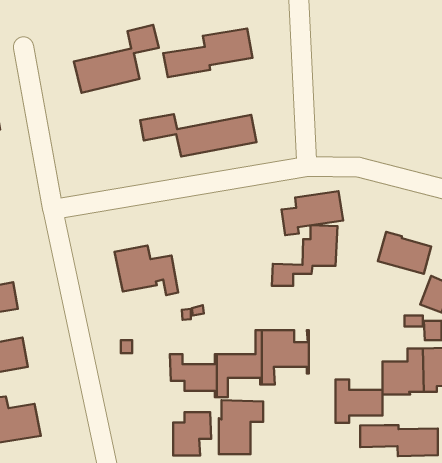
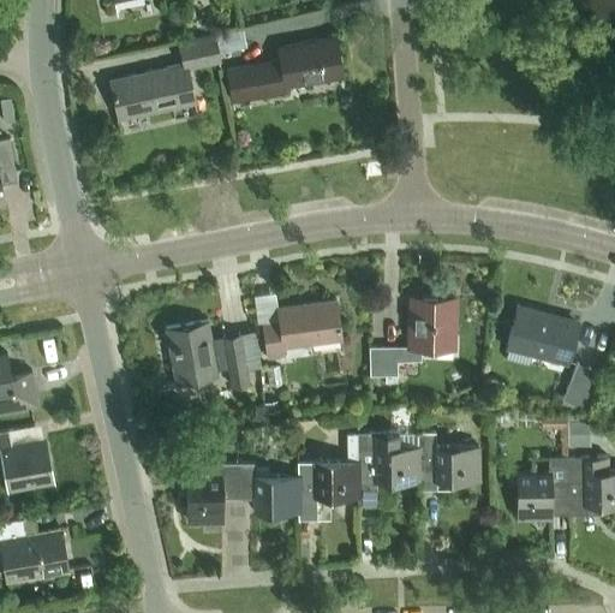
building: [140,114,257,156] -> none
building: [281,191,343,235] -> [265,300,346,358]
building: [336,380,382,423] -> [418,434,479,490]
building: [219,400,263,454] -> none
building: [173,412,211,456] -> [189,465,238,522]
building: [360,425,438,456] -> none

